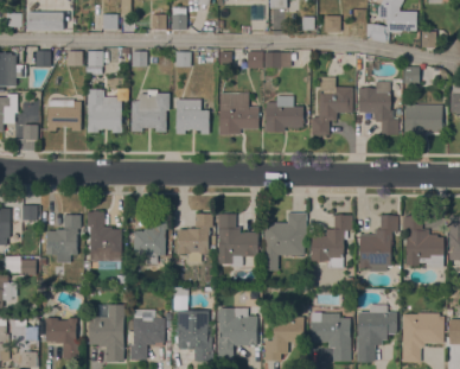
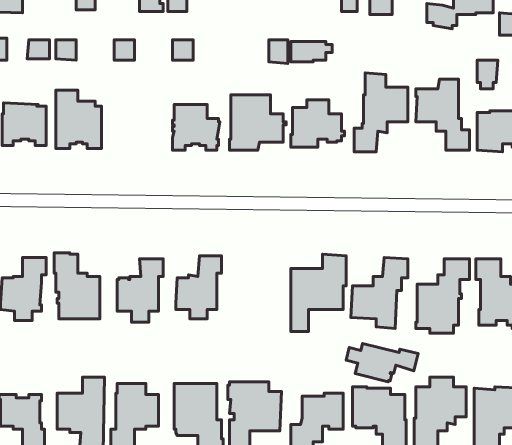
building: [132,90,170,132] -> none
building: [216,214,260,267] -> none
building: none -> [346,343,418,382]

